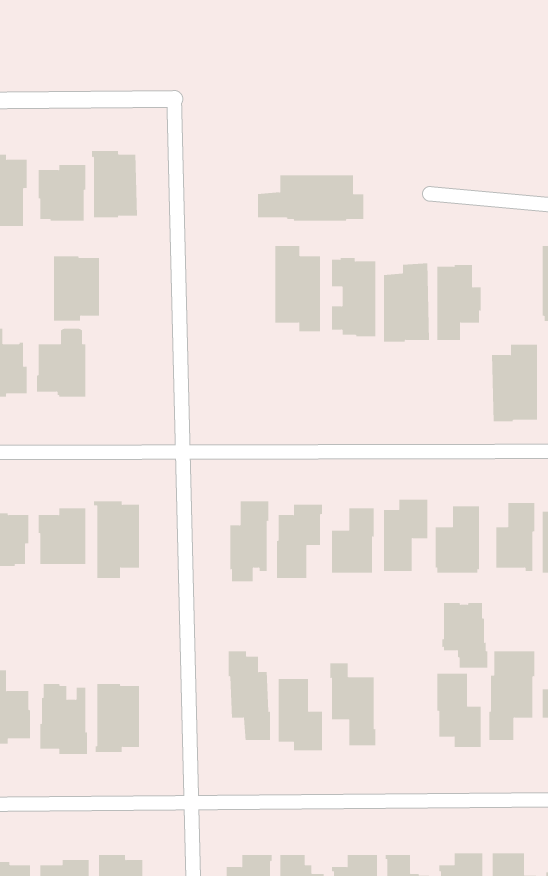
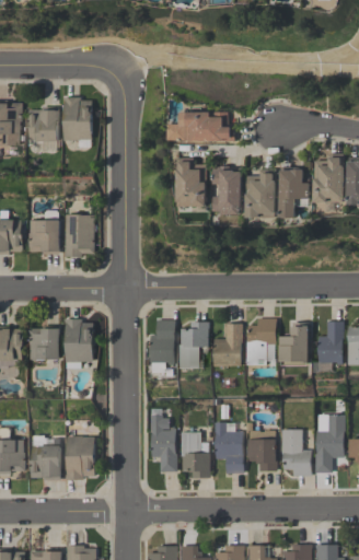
building: [53,256,100,321] -> [63,215,93,257]
building: [491,344,538,422] -> [314,155,344,205]
building: [442,603,488,668] -> [247,431,277,472]

